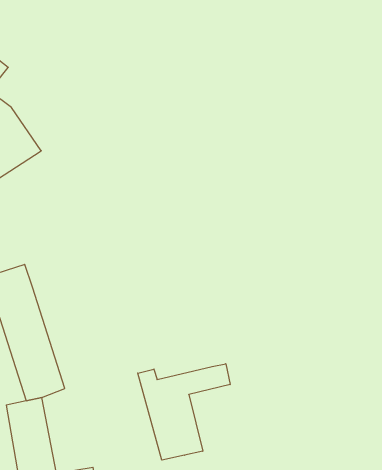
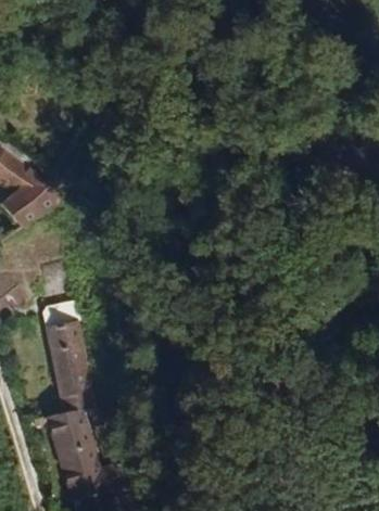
building: [138,364,230,460] -> none

